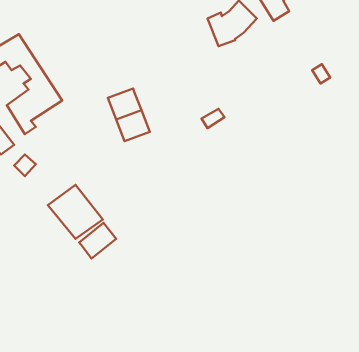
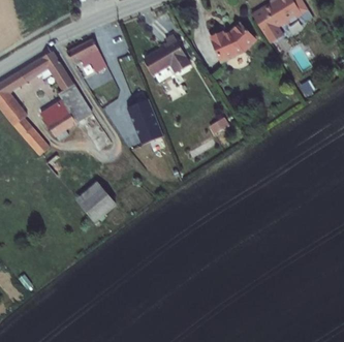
building: none -> [140,32,189,85]
building: none -> [65,38,105,71]
building: [79,223,116,258] -> none

